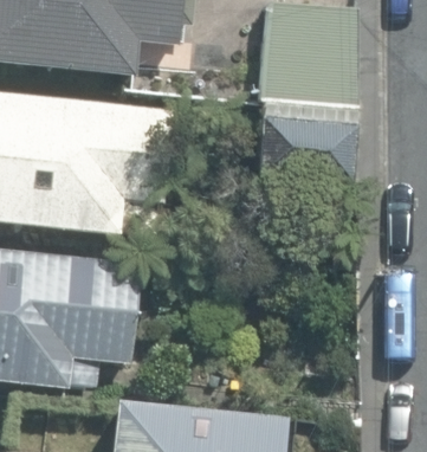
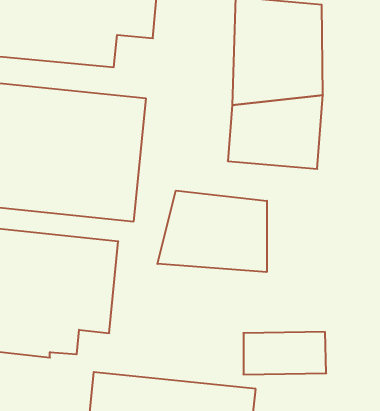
building: none -> [157,191,267,272]

